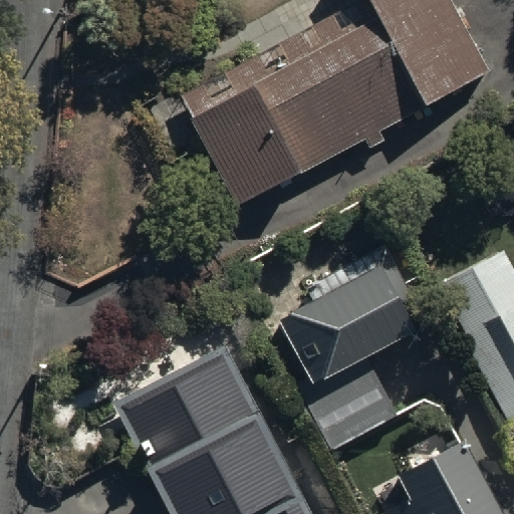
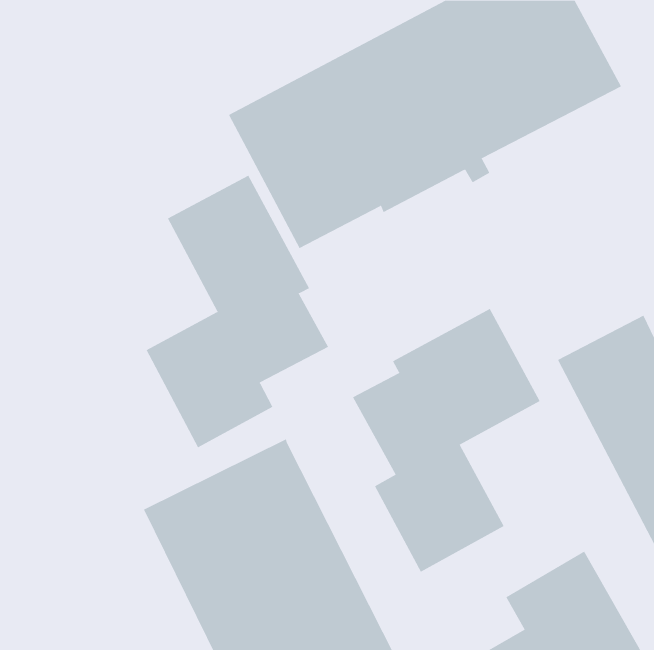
building: none -> [146,175,329,448]

